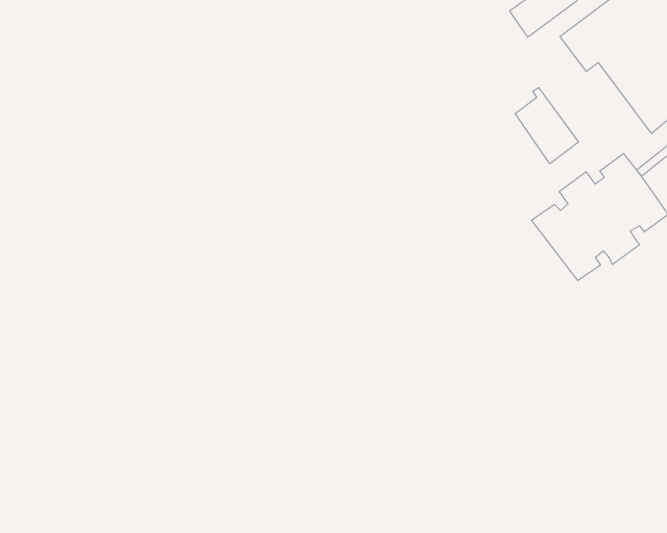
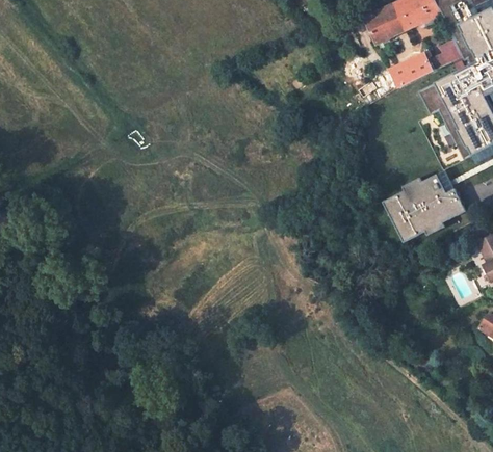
building: [515,88,579,164] -> none

